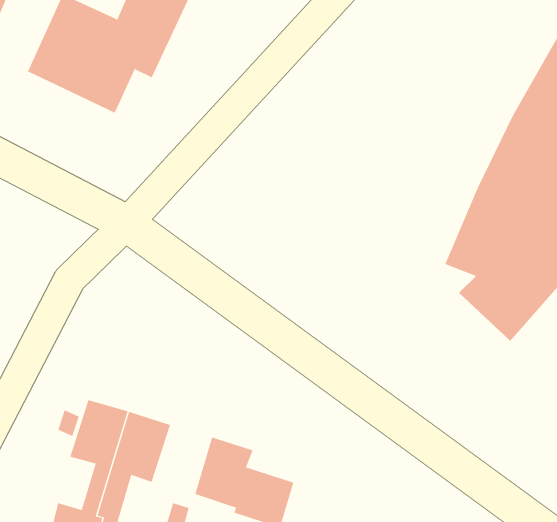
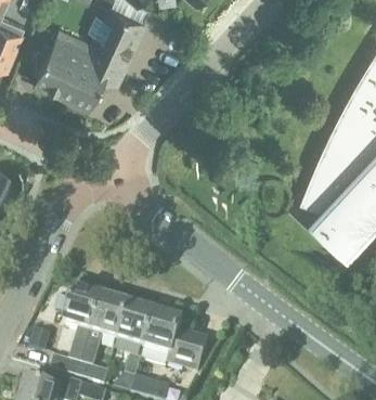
building: none -> [115,305,153,349]

